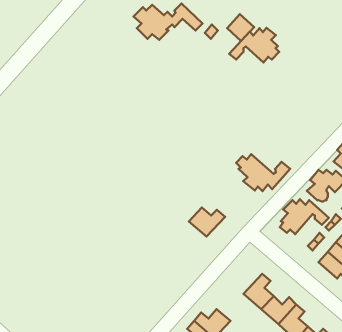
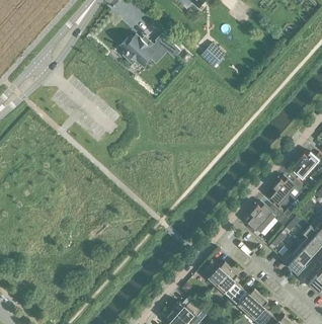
building: [229,28,279,63] -> none
building: [236,154,290,191] -> none
building: [189,207,225,237] -> [199,260,231,286]

